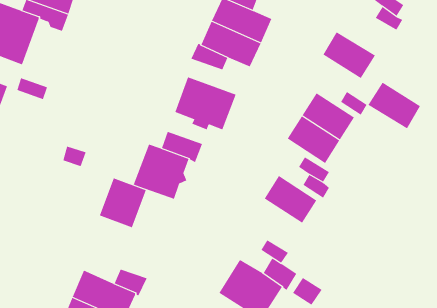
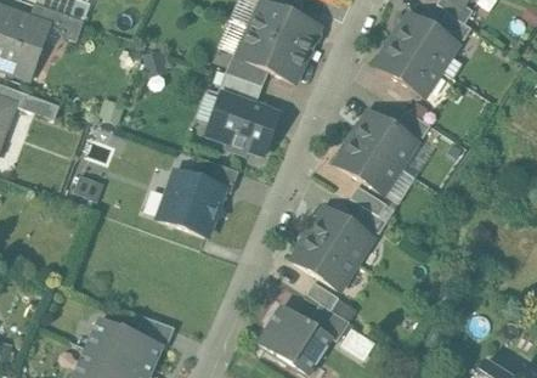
building: none -> [217,73,262,106]
building: [368,82,421,129] -> [394,15,456,69]
building: [99,177,146,228] -> none
building: none -> [293,235,355,290]

